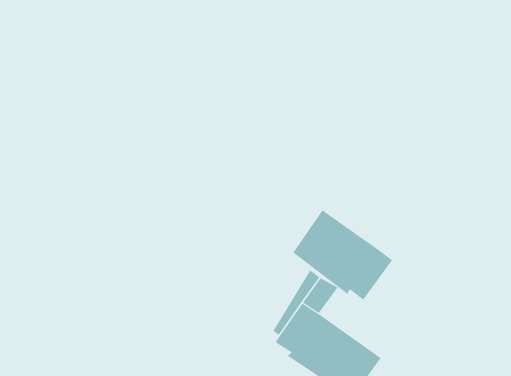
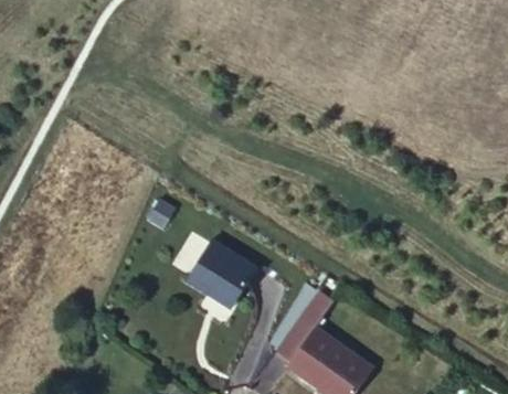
building: [292,210,393,301] -> none
building: none -> [189,237,257,304]

